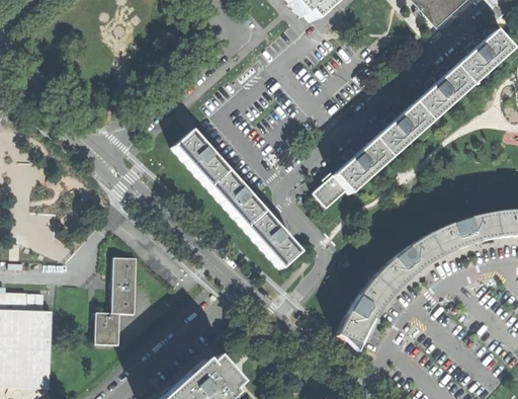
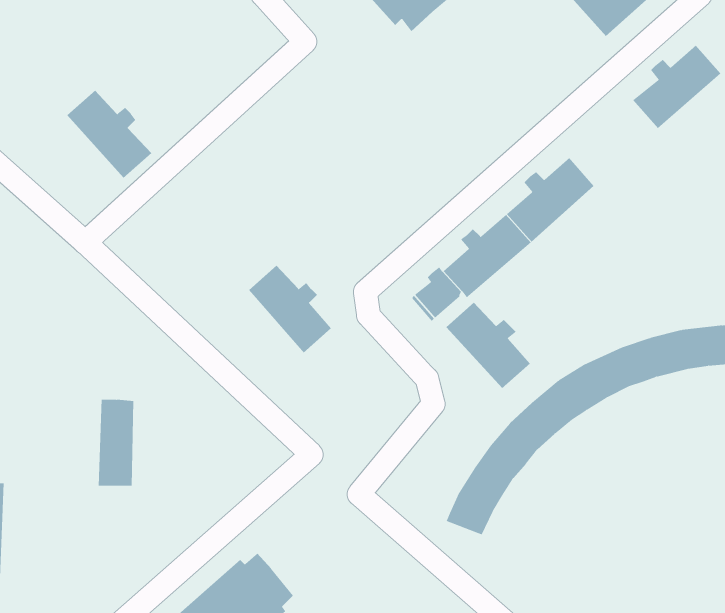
building: [415,67,471,122] -> none
building: [173,132,228,188] -> [67,90,152,178]
building: [245,213,299,268] -> [445,302,531,389]
building: [96,313,120,345] -> none

